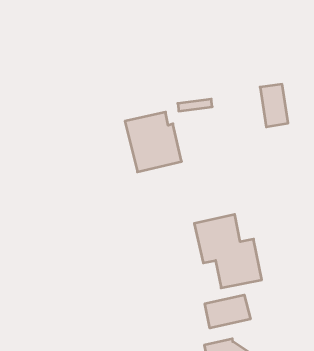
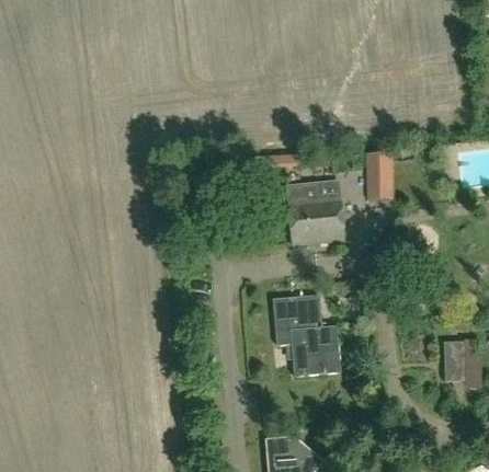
building: [125,112,182,172] -> [286,180,344,243]
building: [205,295,250,328] -> none

